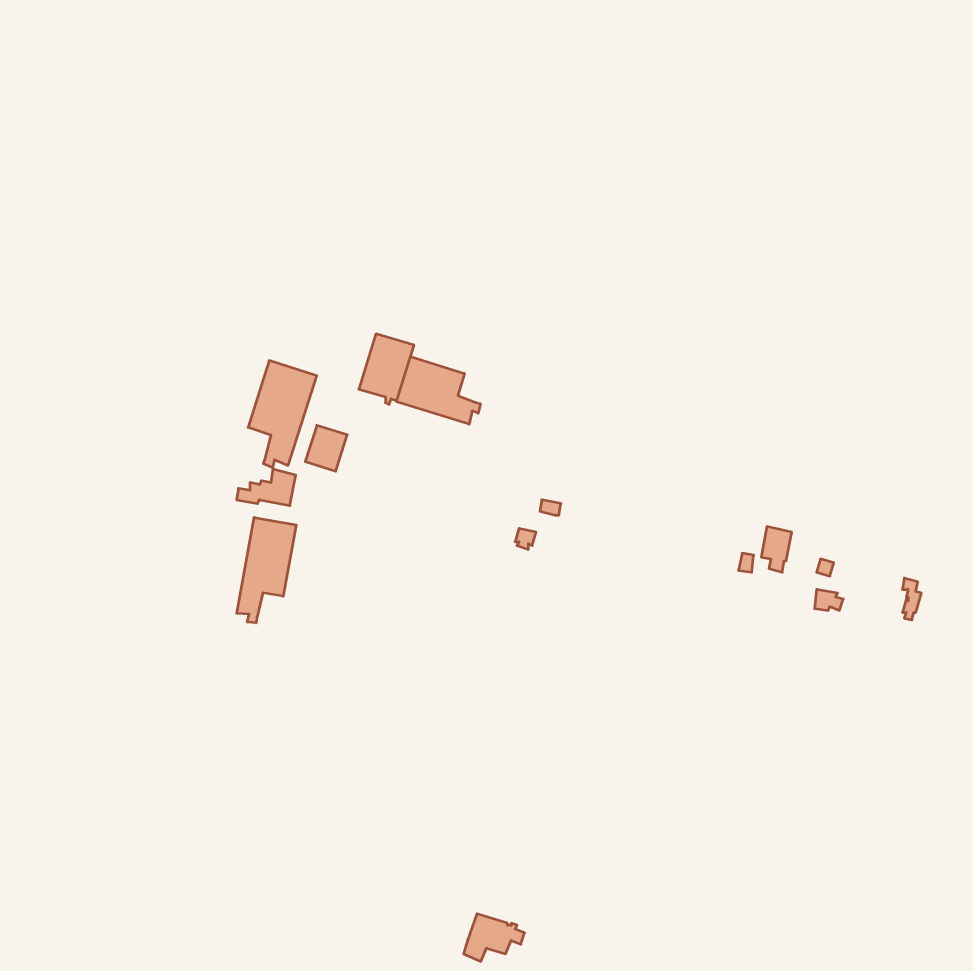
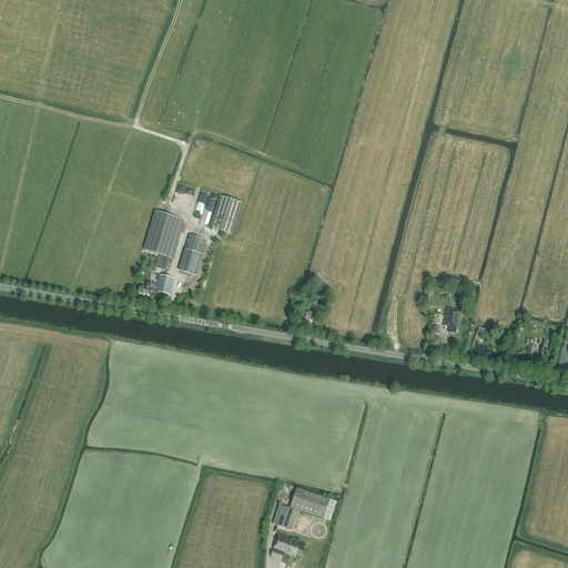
building: [397,356,480,424] -> none
building: [237,517,296,623] -> none
building: none -> [272,486,336,528]

